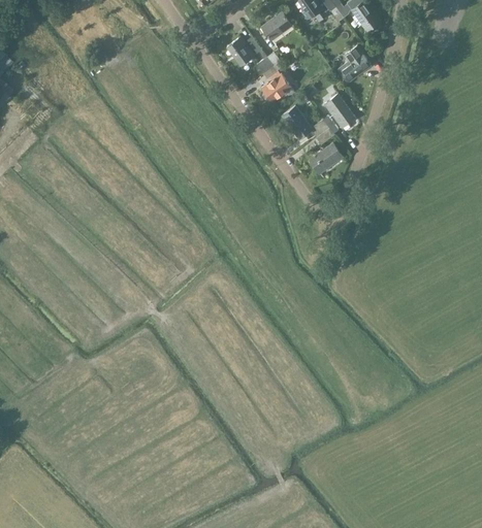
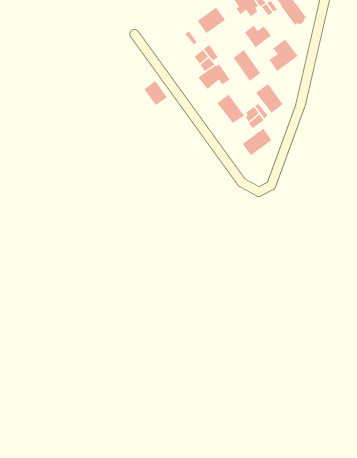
building: none -> [244,25,272,48]
building: [227,37,254,65] -> [143,80,168,106]
building: none -> [233,49,261,82]

